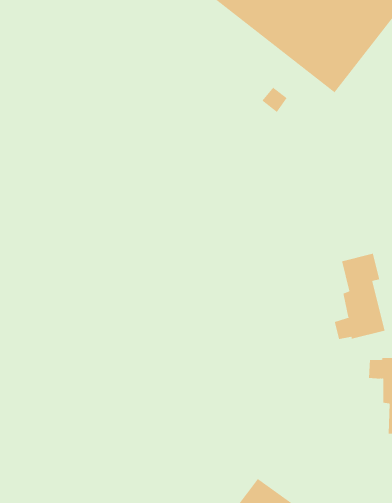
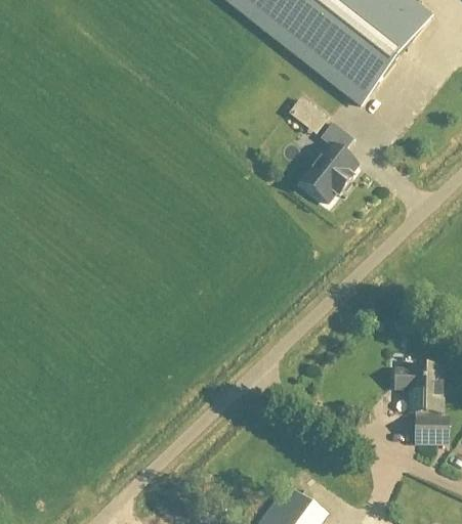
building: none -> [300,123,355,202]
building: [334,253,385,340] -> none

